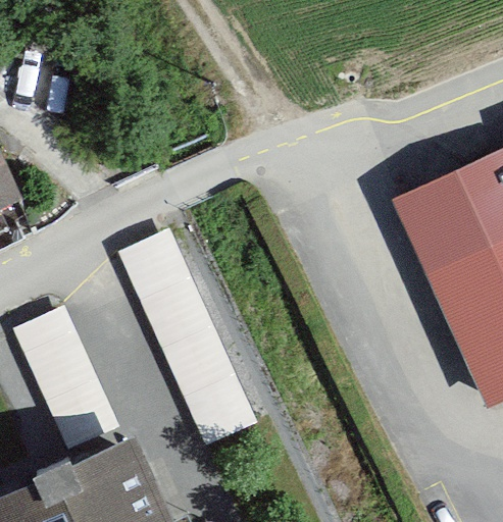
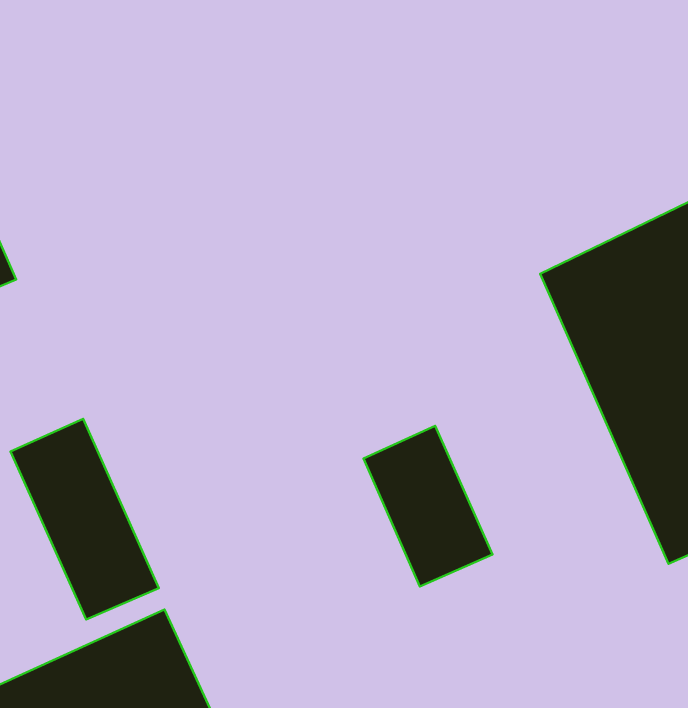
building: [119,227,258,446] -> none
building: none -> [363,426,493,586]

